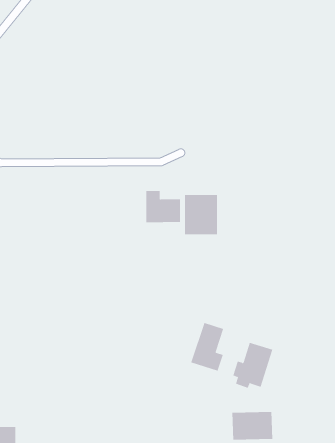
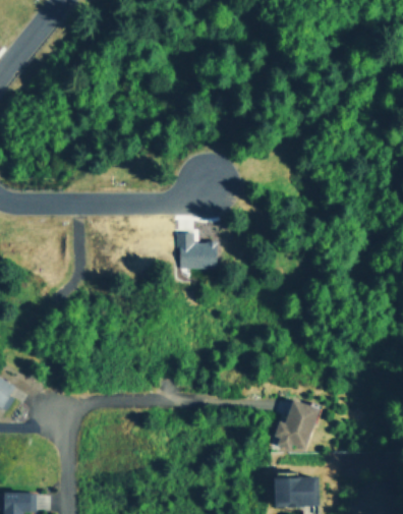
building: [185,194,218,235] -> none
building: [190,322,224,372] -> none

